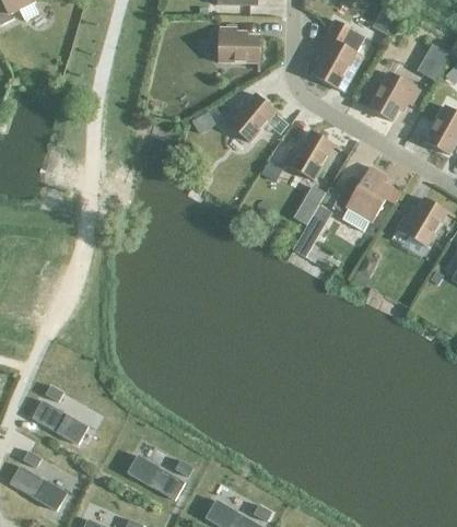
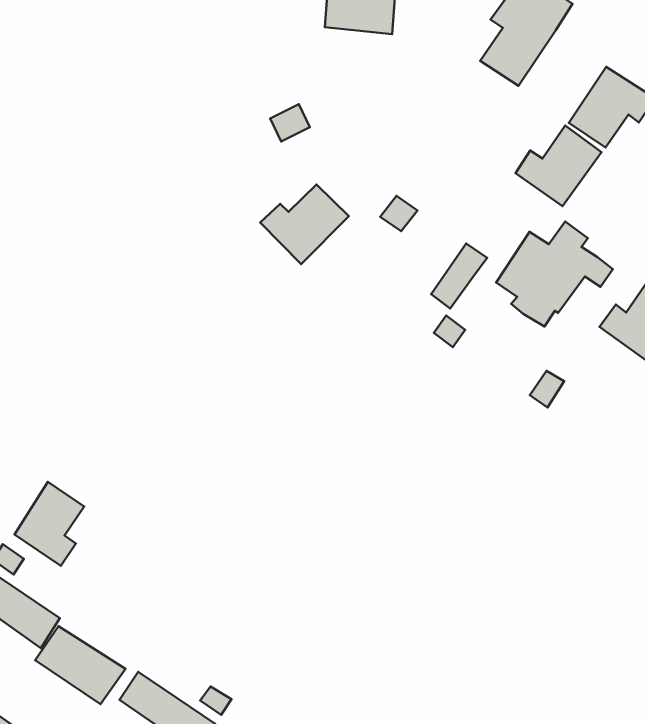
building: [223,93,276,141] -> [260,184,349,264]
building: [283,130,333,178] -> [516,125,602,206]
building: none -> [15,482,84,566]
building: none -> [35,626,125,704]

